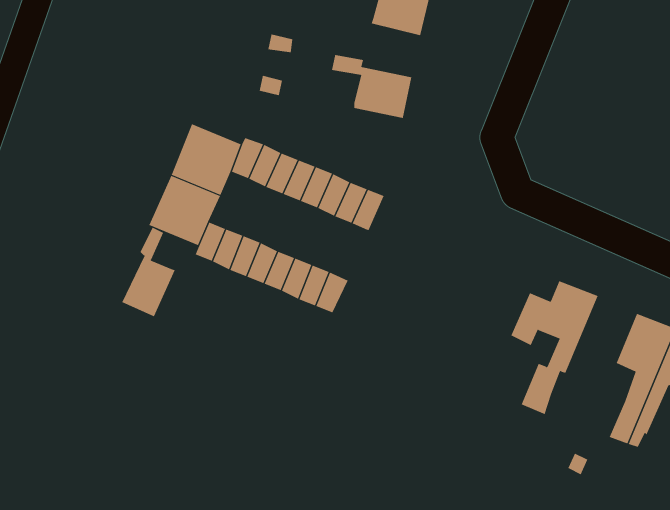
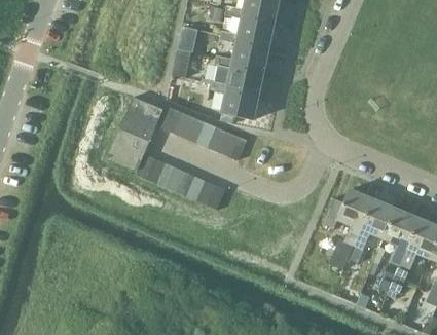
building: none -> [222,29,269,68]
building: none -> [211,80,259,121]
building: [122,227,176,317] -> none
building: none -> [348,198,398,262]

